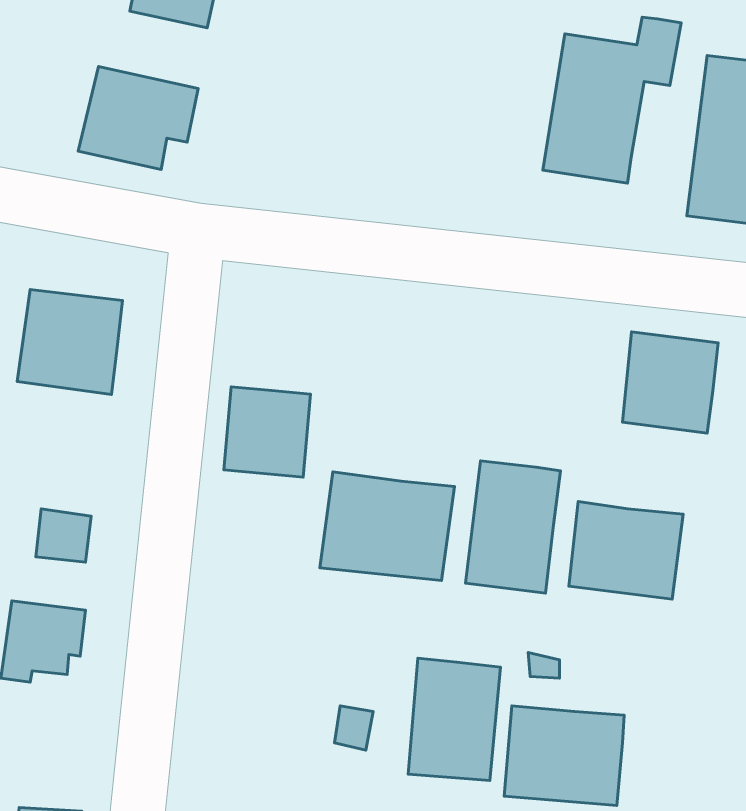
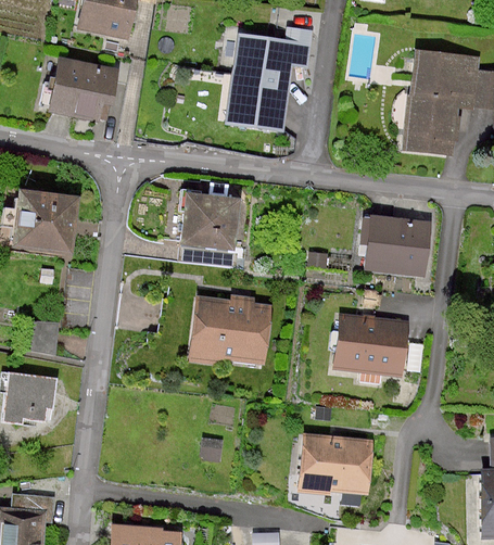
building: [543,17,681,183] -> [230,27,312,125]
building: [224,387,311,477] -> [185,193,236,246]
building: [465,461,560,593] -> none
building: [408,658,501,780] -> none

